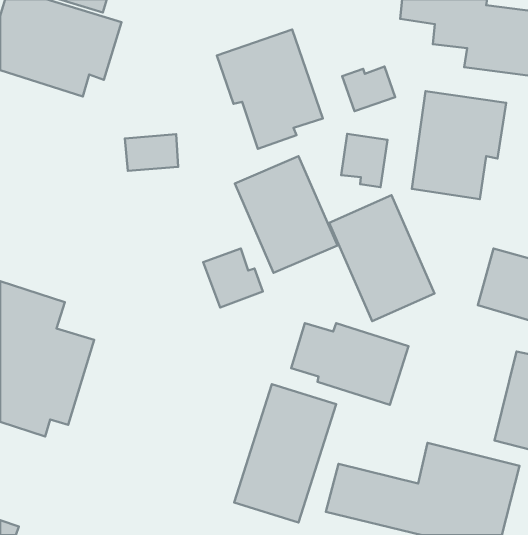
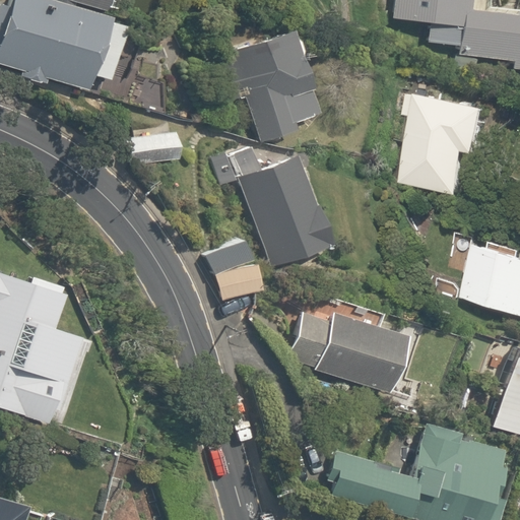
building: [342,67,395,111] -> none
building: [341,134,387,187] -> none
building: [329,195,434,321] -> none
building: [234,384,336,522] -> none

